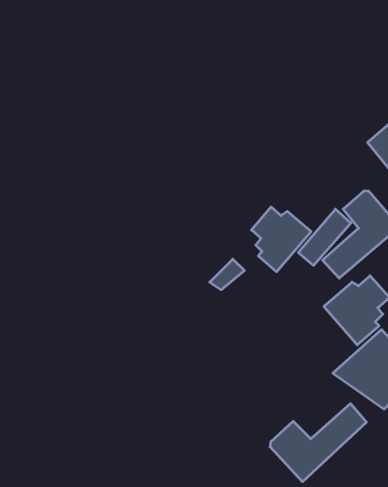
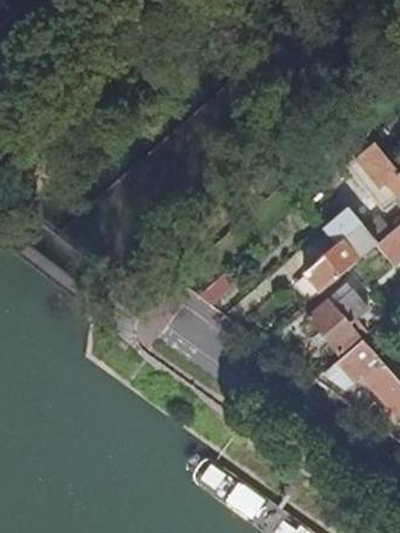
building: [251,207,311,272] -> none
building: [270,404,366,482] -> none

